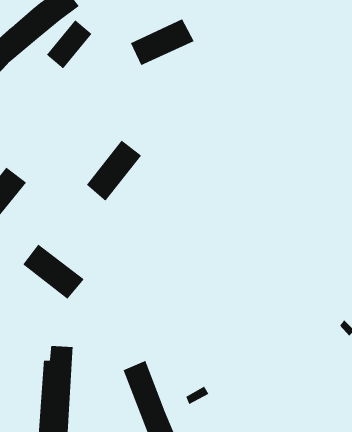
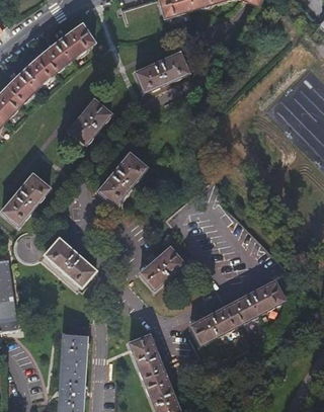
building: [46,19,92,69] -> [71,100,109,142]
building: none -> [141,246,184,287]
building: none -> [189,282,284,345]

